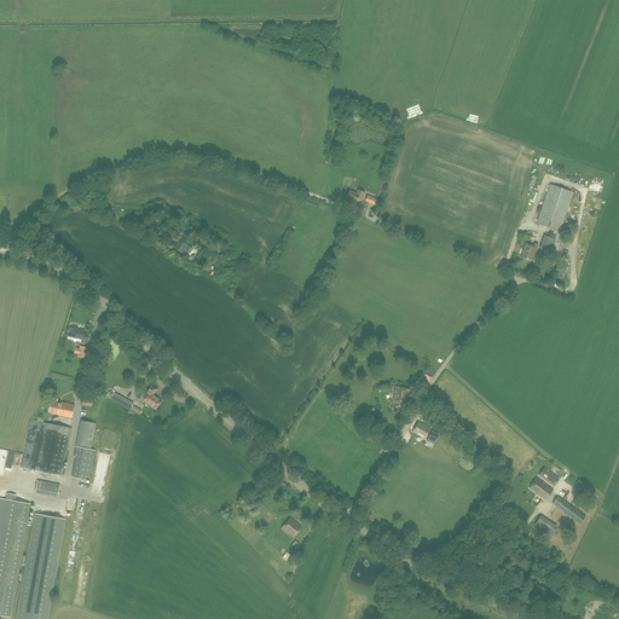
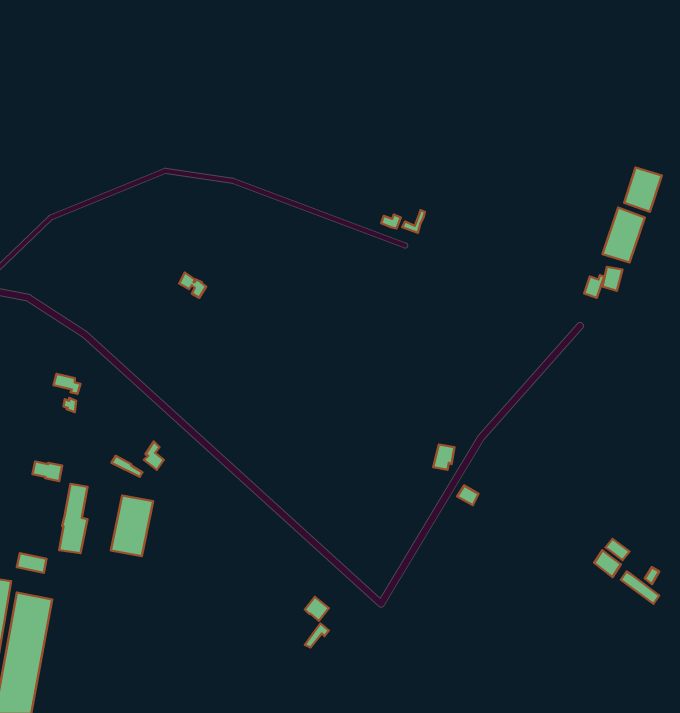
building: none -> [624,167,662,212]
building: [34,422,70,474] -> [111,496,153,556]

